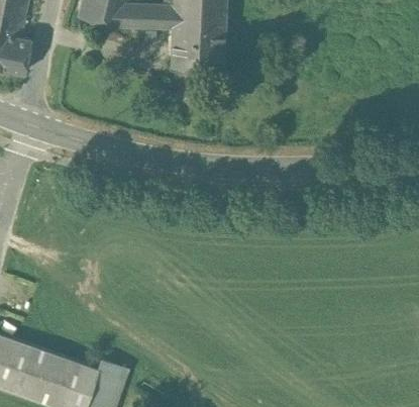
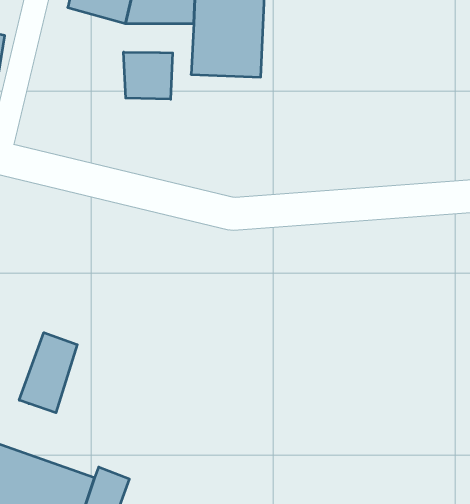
building: none -> [124,52,173,99]
building: none -> [19,333,77,413]

